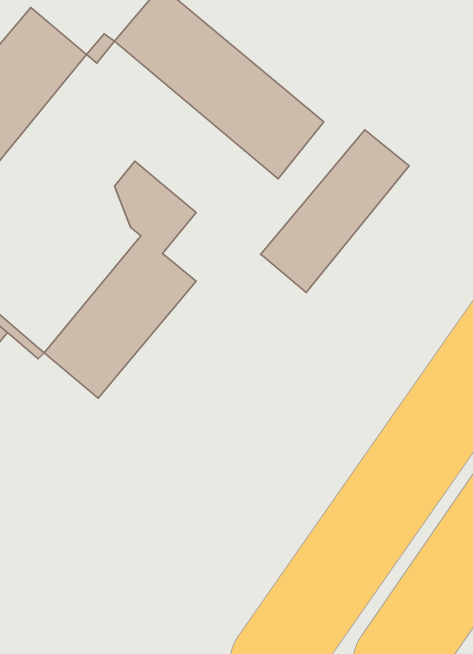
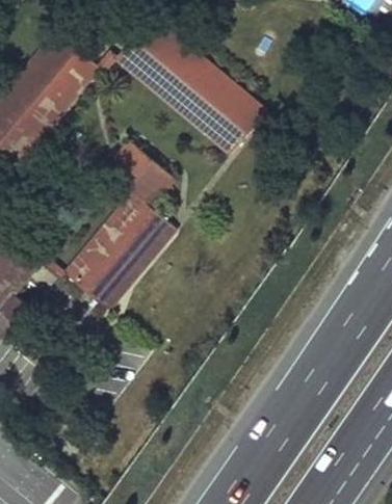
building: [260,130,409,293] -> none

